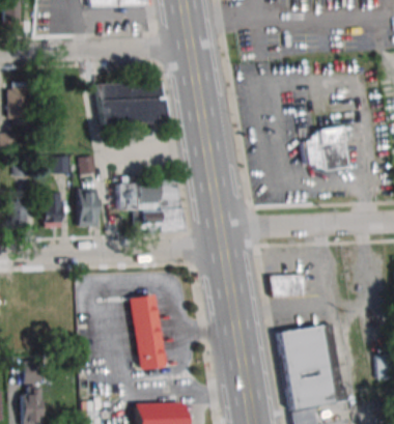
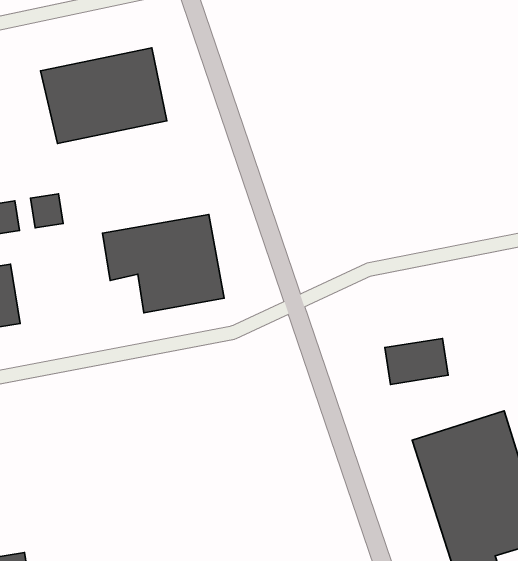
building: [301,125,349,171] -> none
building: [78,189,98,227] -> none
building: [130,294,167,370] -> none

